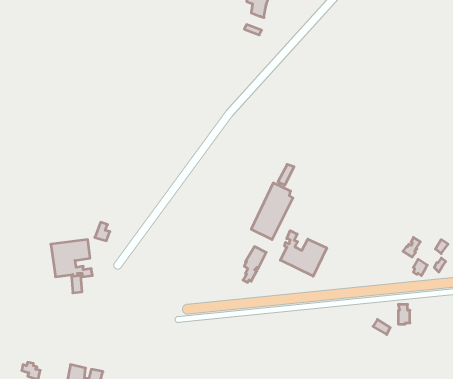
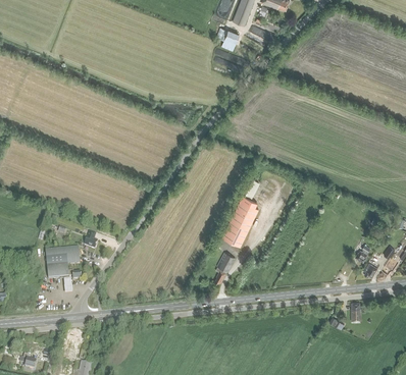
building: [280,231,327,276] -> none

